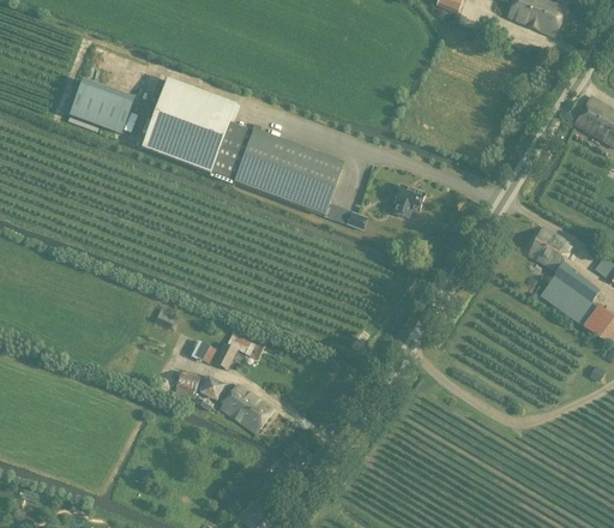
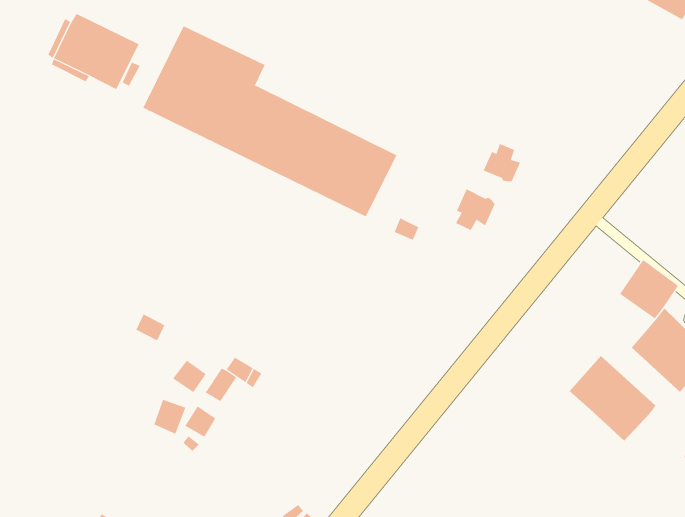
building: none -> [483,143,521,182]
building: none -> [569,355,656,442]
building: [219,384,273,433] -> none

